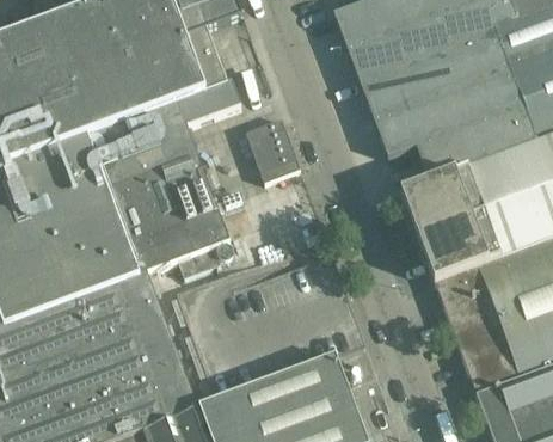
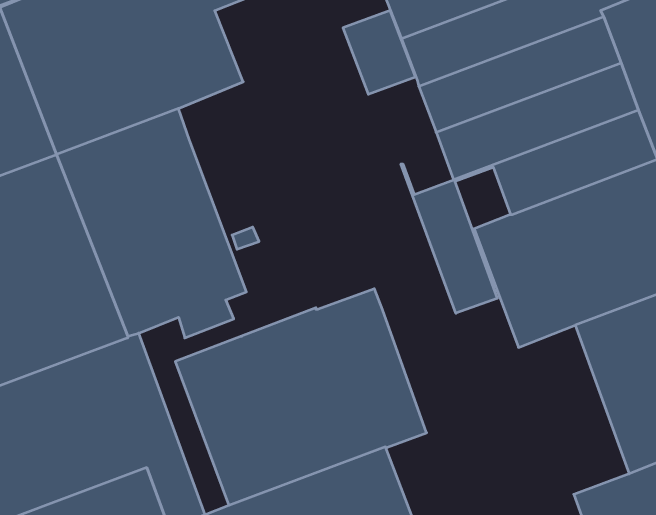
building: [179,81,241,127] -> none
building: [246,118,301,182] -> [343,10,416,94]
building: none -> [401,164,497,313]
building: [436,266,520,394] -> none

